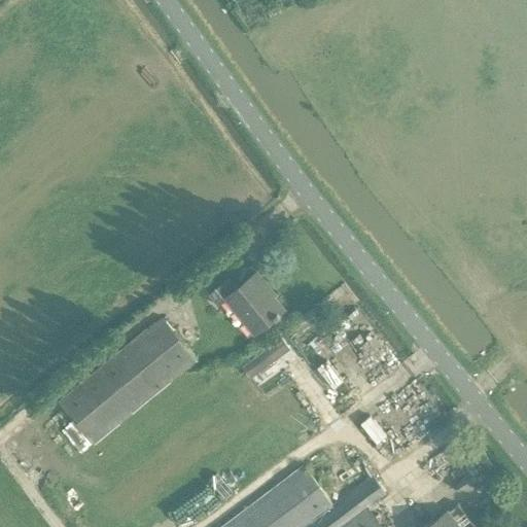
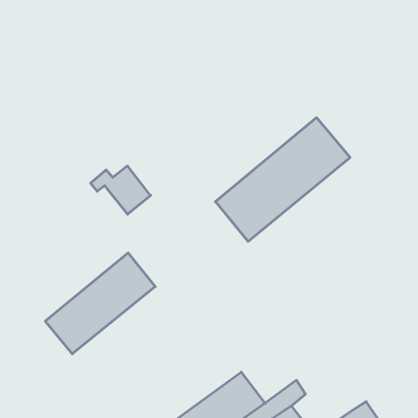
building: none -> [215,118,350,241]
building: [208,275,283,336] -> [91,166,151,214]

